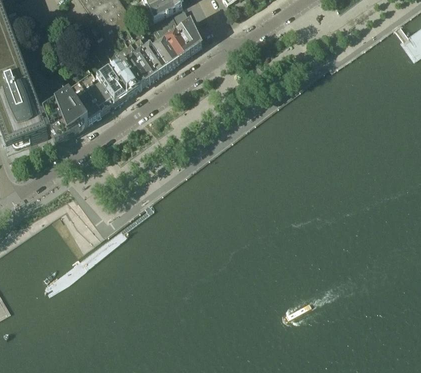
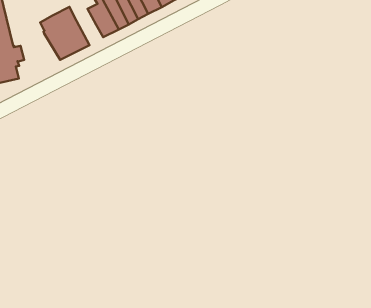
building: [97,66,127,100] -> none
building: [43,90,89,138] -> none

